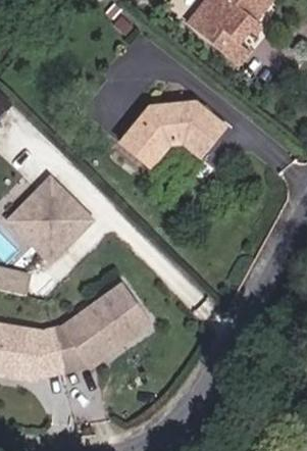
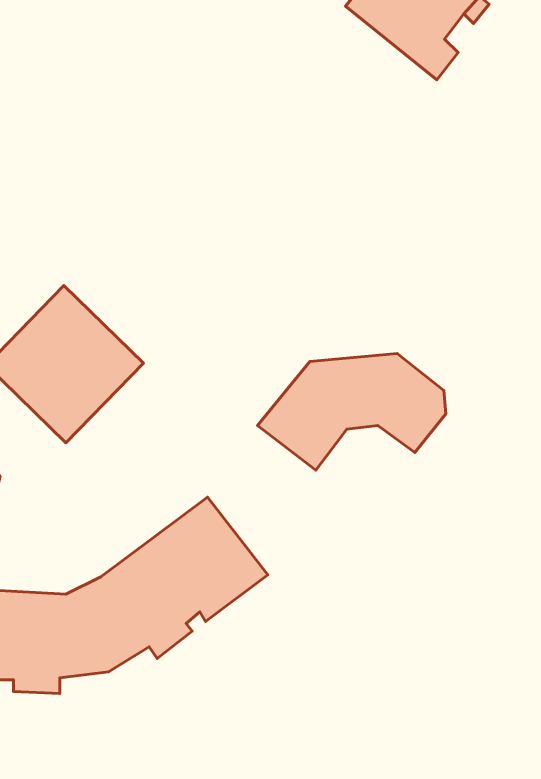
building: [123,97,222,158] -> [257,354,446,470]

